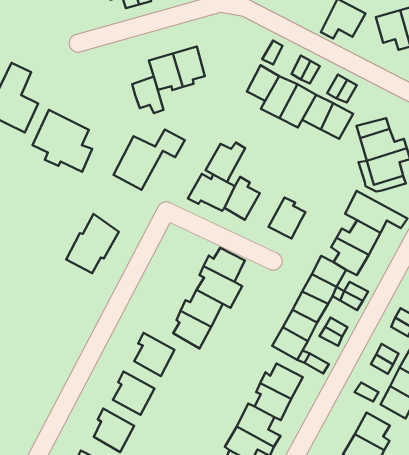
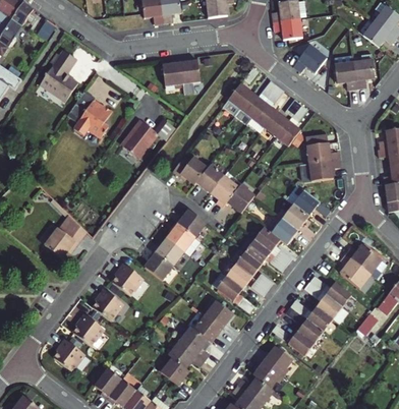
building: [132,77,164,113] -> none
building: [205,143,245,182] -> [212,175,243,203]
building: [66,214,119,273] -> [45,217,87,259]

